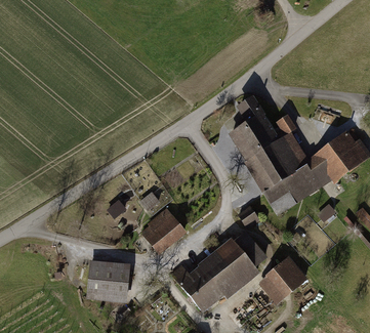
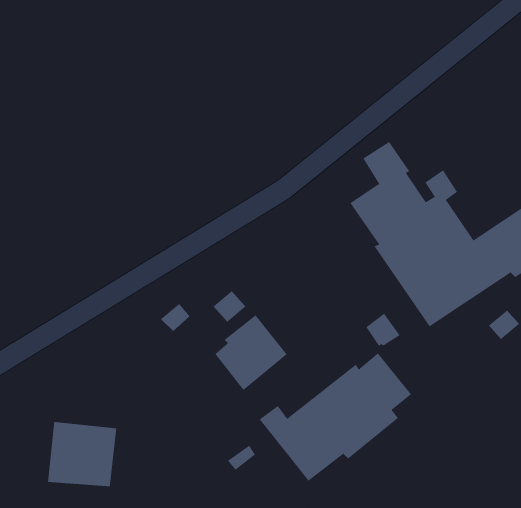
building: [258,255,312,304] -> none
building: [84,260,129,302] -> [47,422,117,487]

